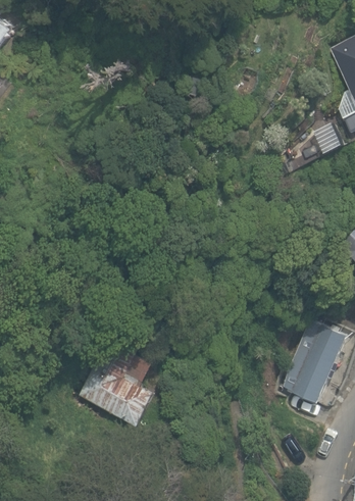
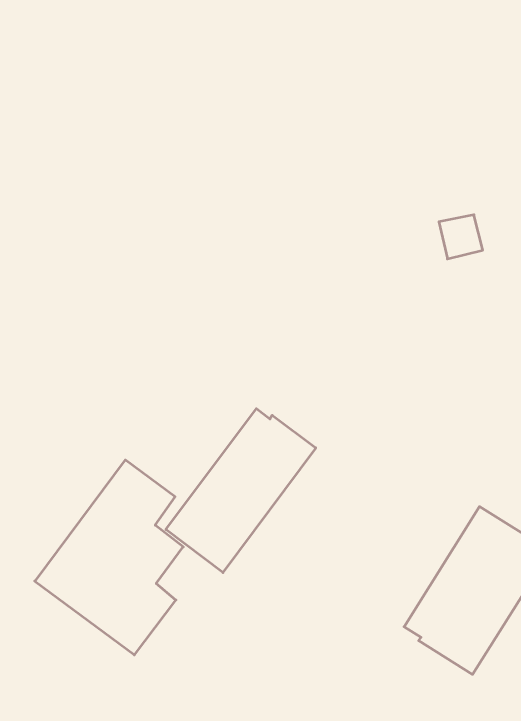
building: none -> [166,409,316,573]

